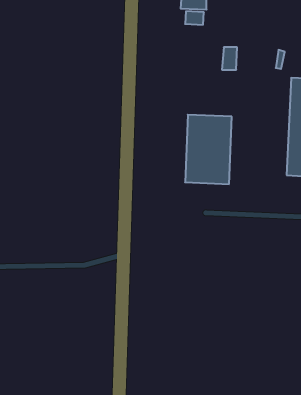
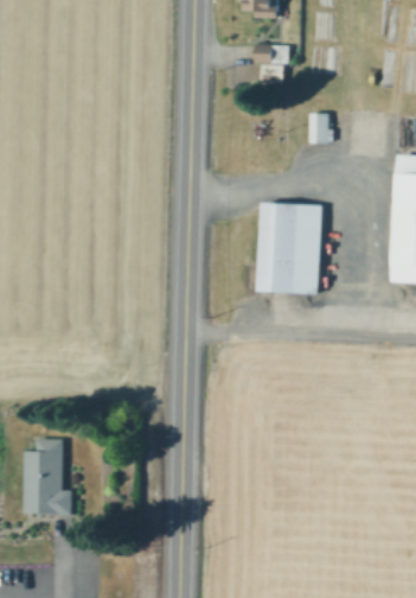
building: none -> [21,441,69,514]

